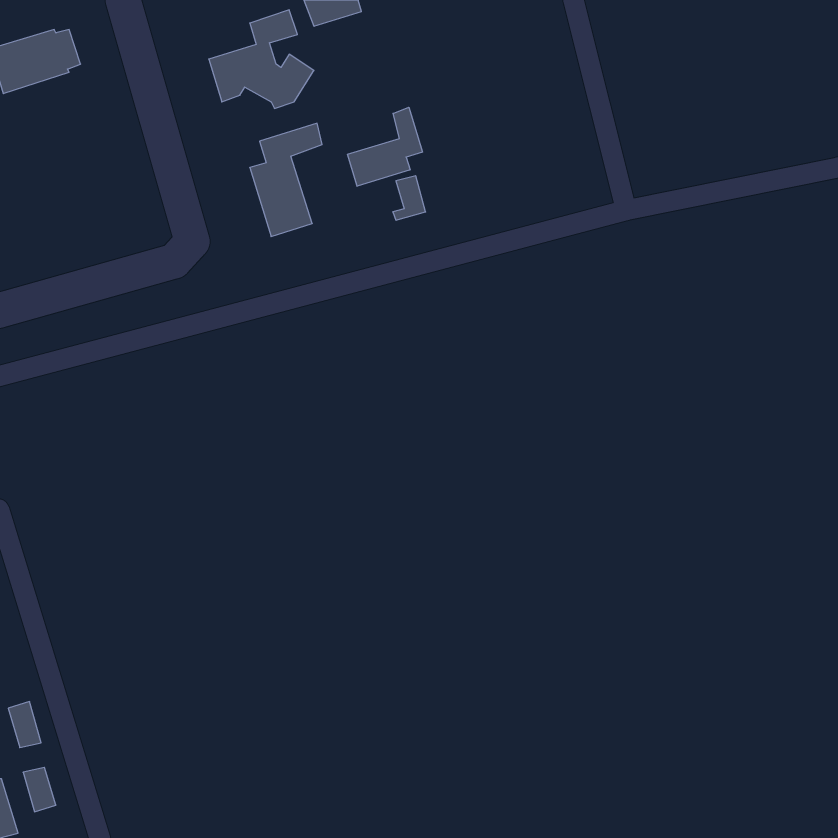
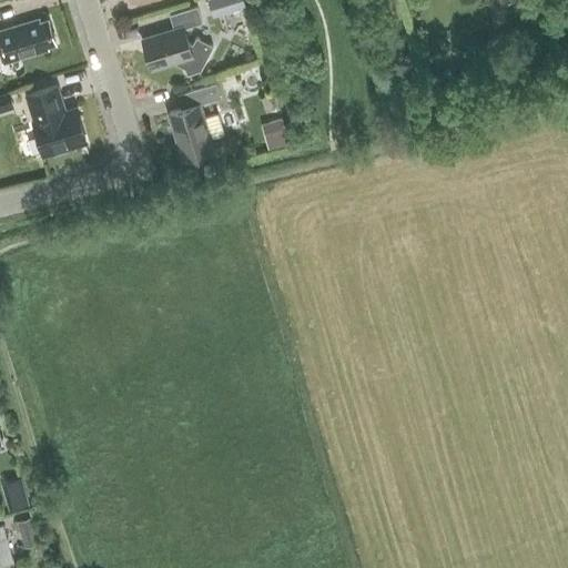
building: [347,107,422,186] -> none
building: none -> [27,88,84,156]

